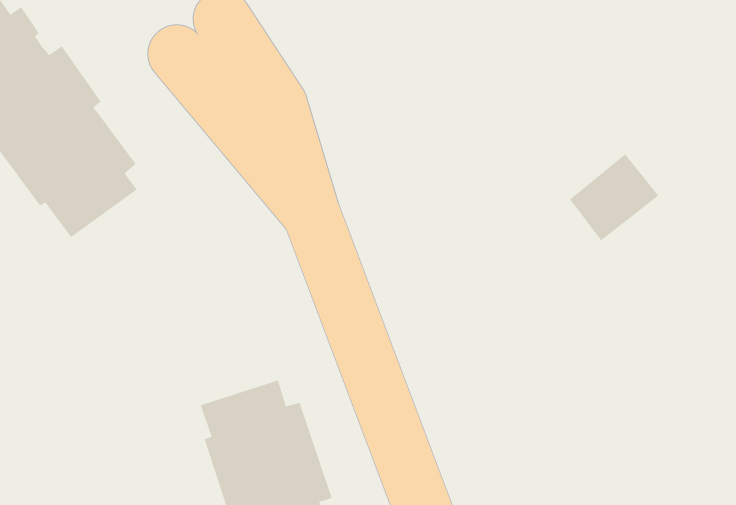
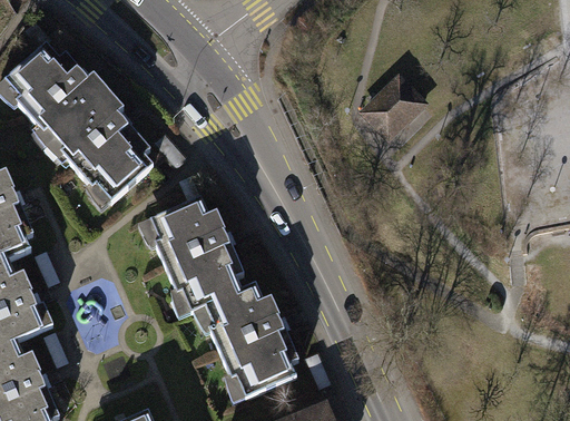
building: [569,154,659,241] -> [364,77,423,136]
building: none -> [150,195,243,310]

